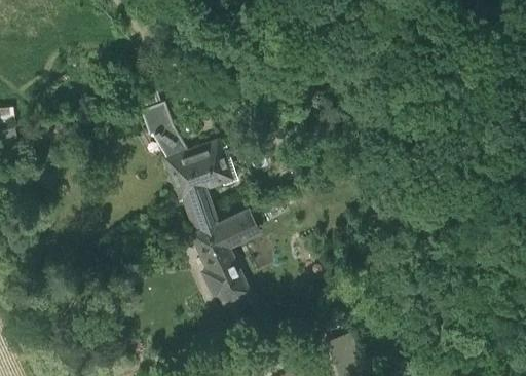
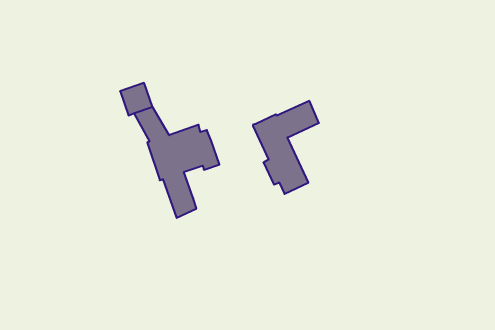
building: [193,212,258,303] -> [253,101,319,194]

